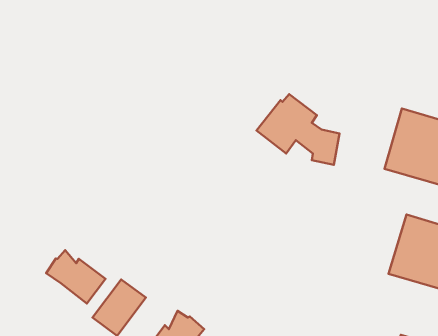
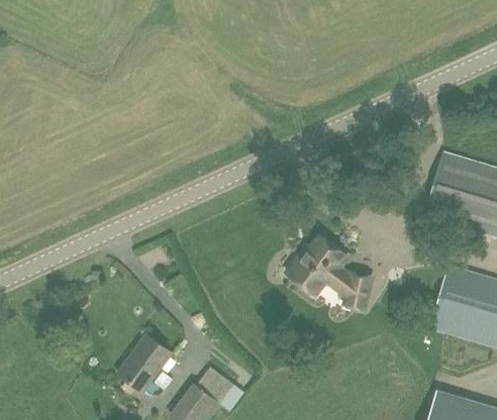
building: [257,94,340,165] -> [285,234,373,309]
building: [46,250,106,304] -> none

